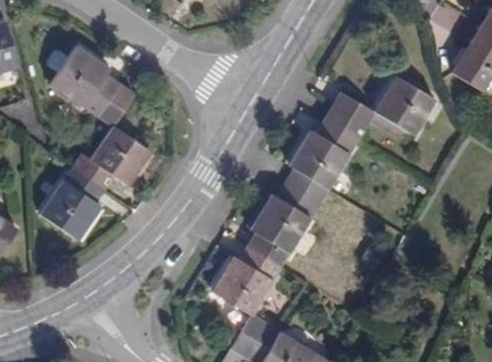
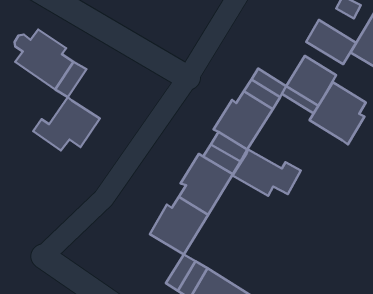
building: none -> [306,20,356,64]
building: none -> [309,82,366,144]
building: [40,166,106,240] -> none
building: none -> [233,149,301,196]

